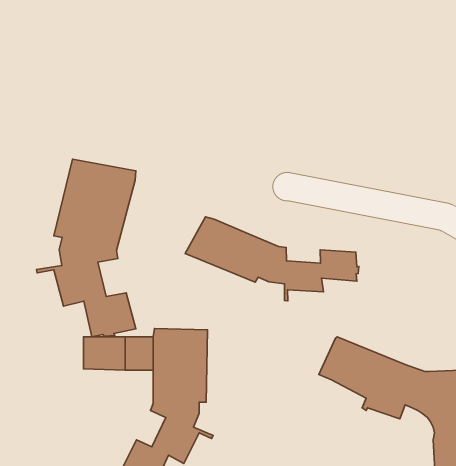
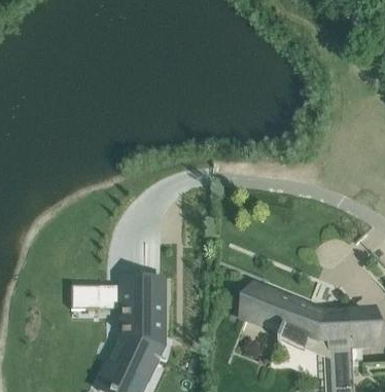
building: [36,159,136,337] -> none
building: [185,217,359,301] -> none

